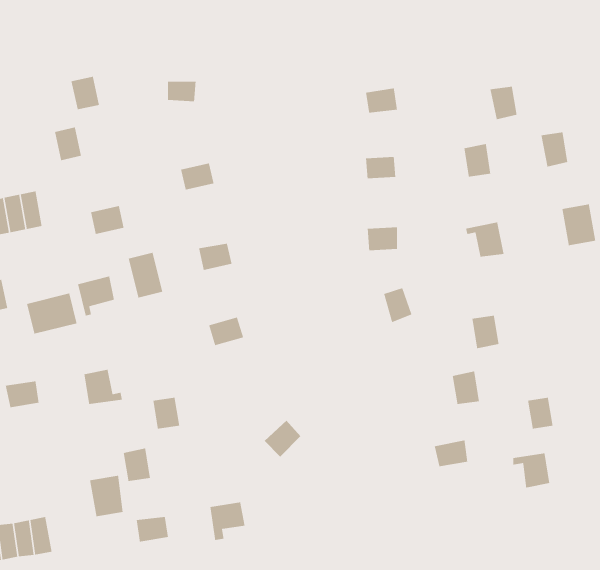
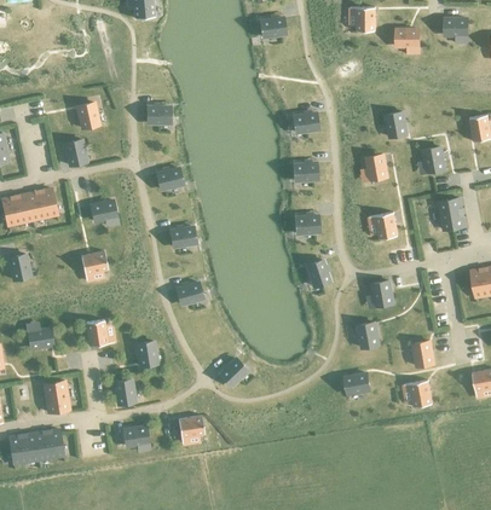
building: [128,252,163,298] -> none
building: [26,293,77,335] -> none
building: [89,475,124,517] -> [42,382,68,413]

